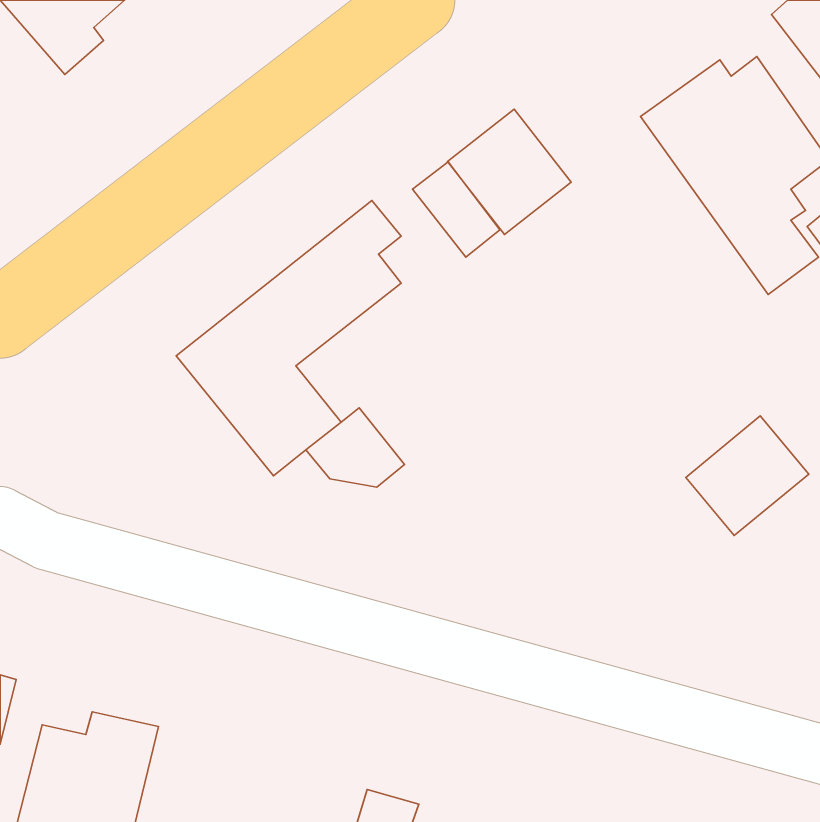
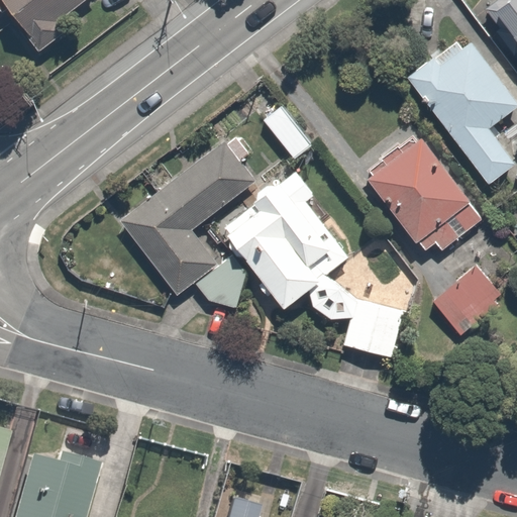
building: [448,109,571,234] -> none
building: none -> [364,131,484,252]
building: none -> [221,174,403,354]

